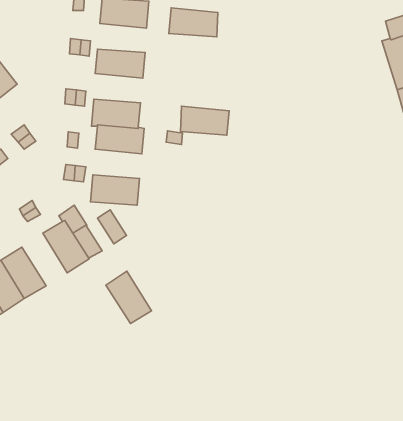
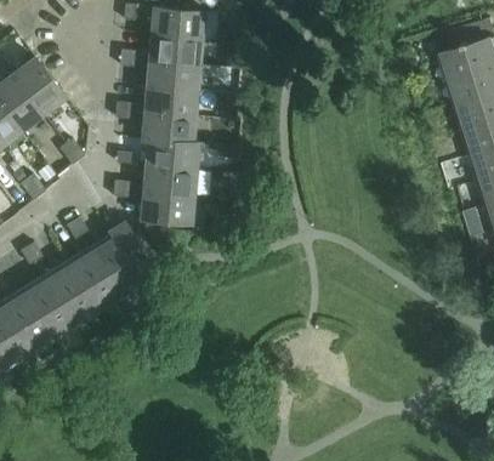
building: [169,8,218,37] -> [147,33,198,63]
building: [180,106,229,135] -> [143,85,194,115]
building: none -> [142,164,193,194]
building: [106,271,151,324] -> [68,251,115,306]

